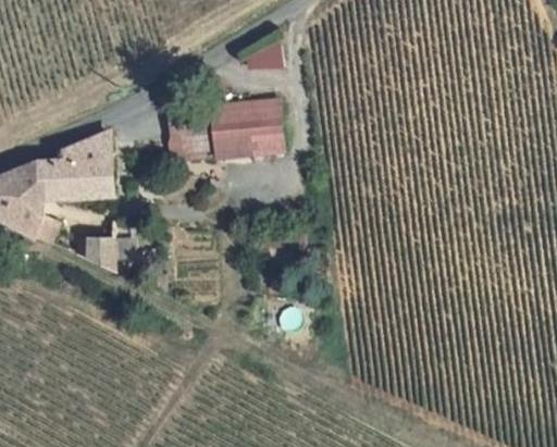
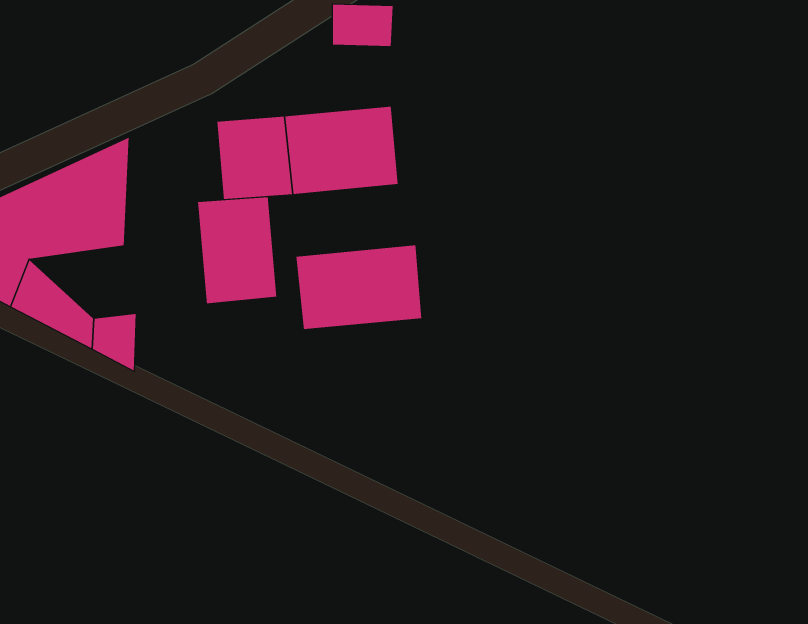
building: none -> [198,196,277,304]
building: none -> [296,245,422,330]

